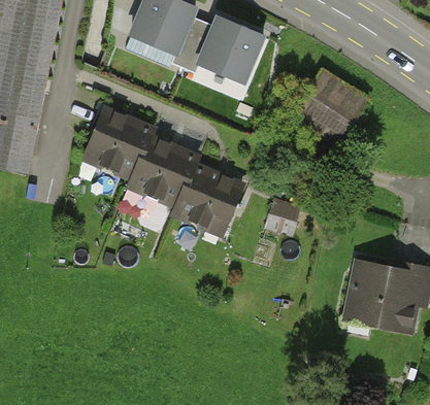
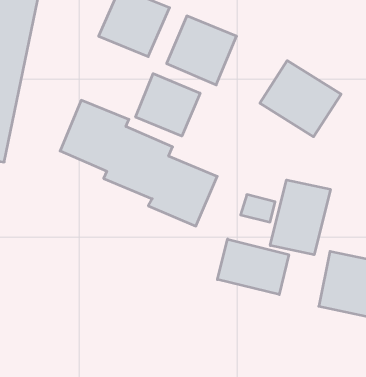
building: none -> [136,74,200,136]
building: none -> [270,180,330,255]
building: none -> [217,239,289,295]

